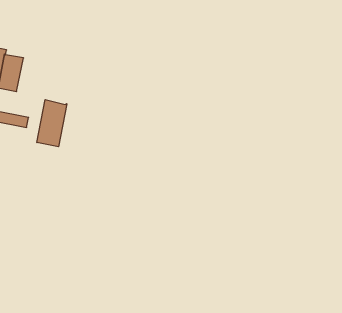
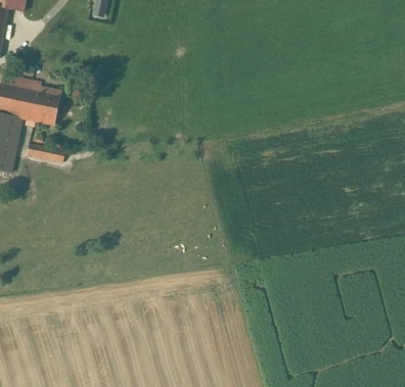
building: [37,100,67,147] -> none

